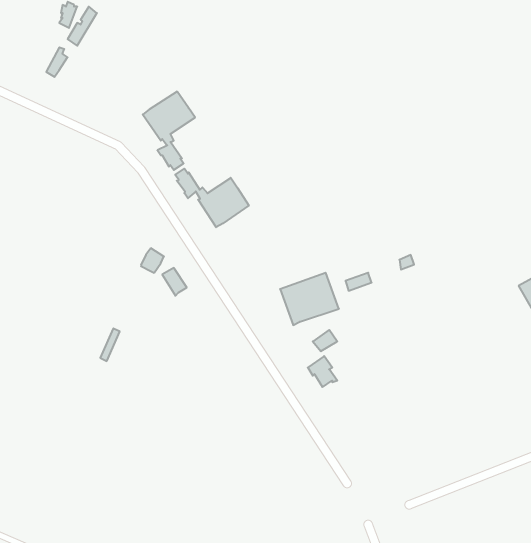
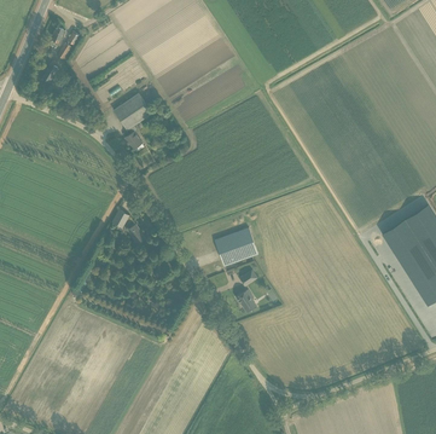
building: [175,169,249,227] -> none

